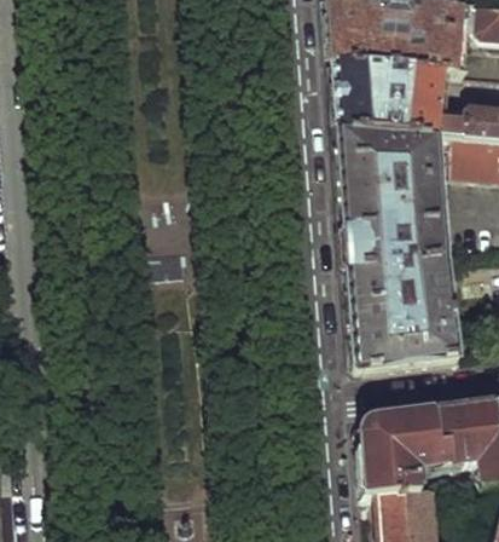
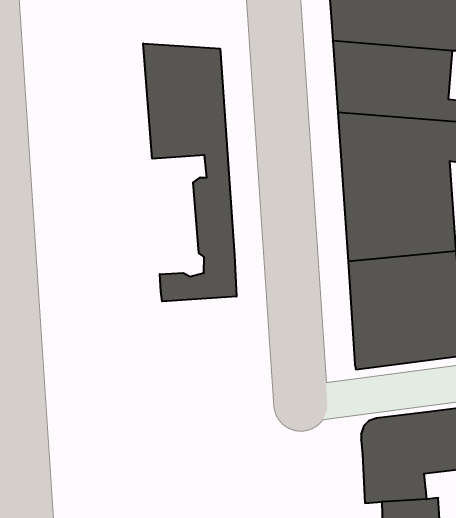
building: none -> [143,43,236,301]

